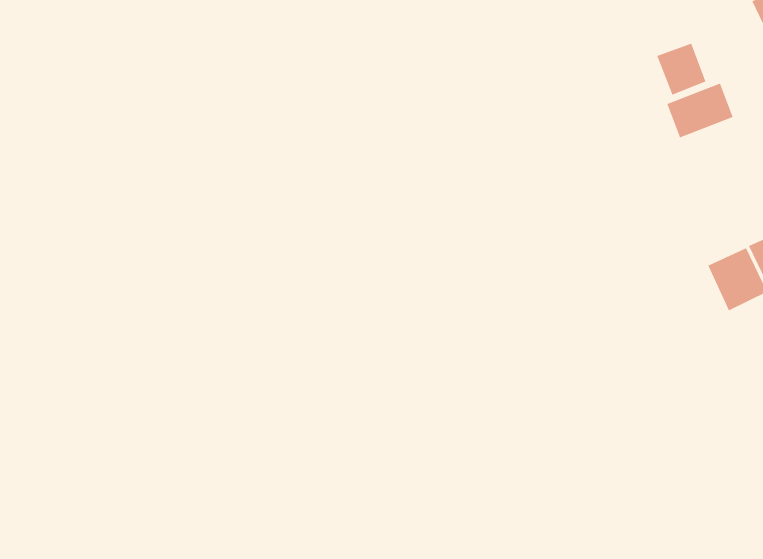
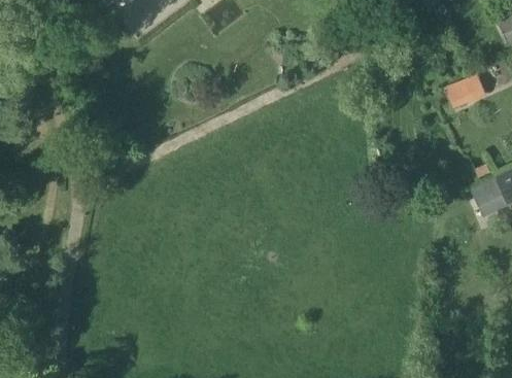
building: [656,43,706,95] -> none

